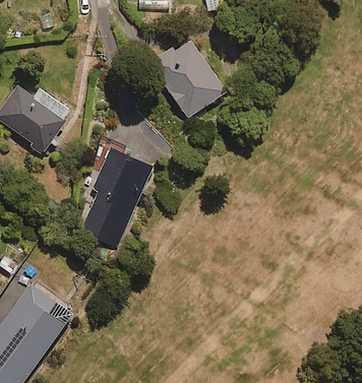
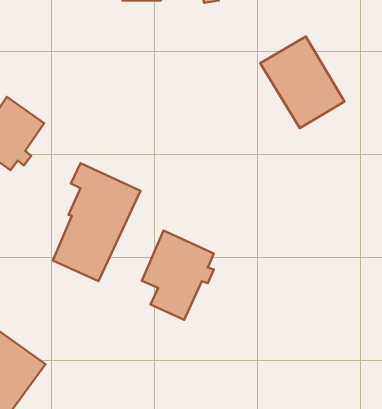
building: [154,40,225,117] -> [260,37,344,128]
building: none -> [142,230,214,320]

